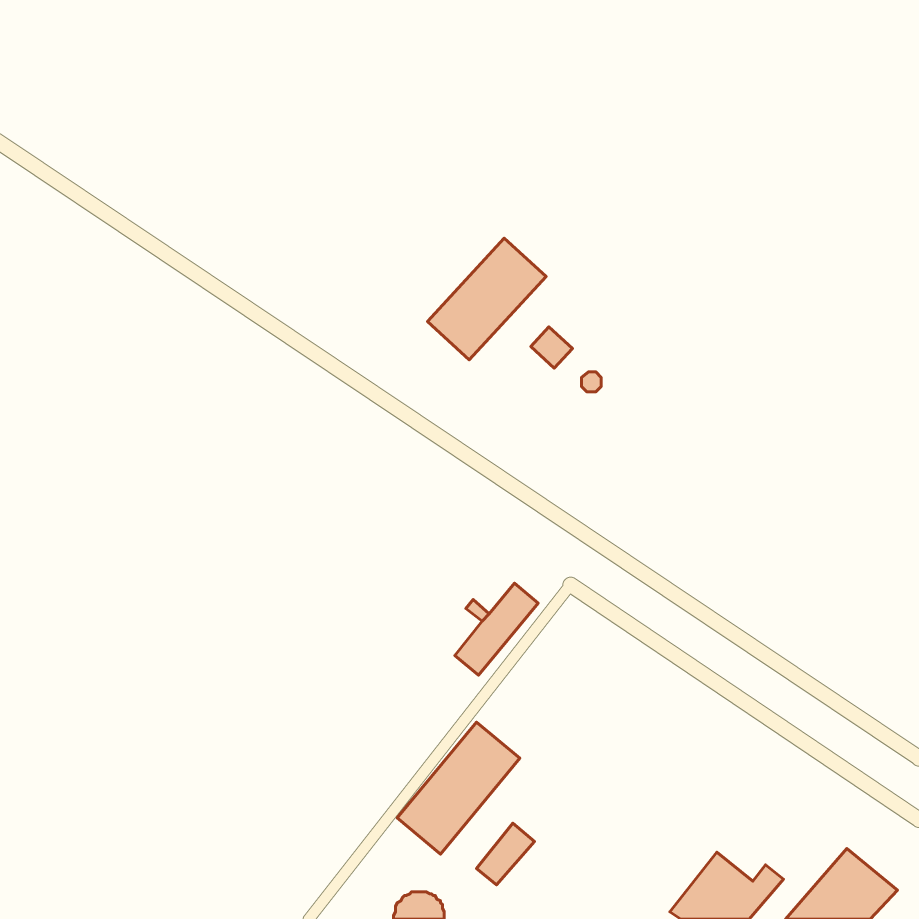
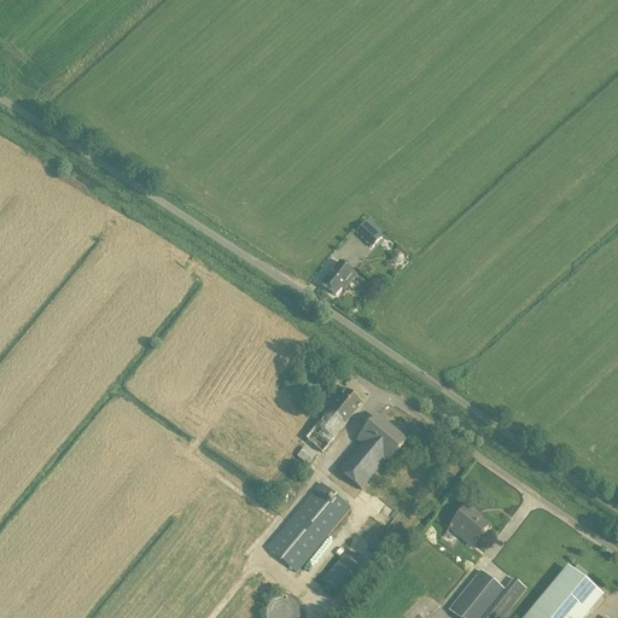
building: [427,238,546,360] -> none
building: none -> [320,261,352,295]
building: none -> [337,415,404,488]
building: none -> [448,506,486,542]

